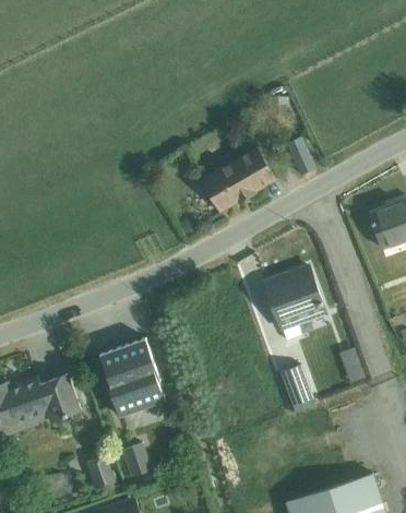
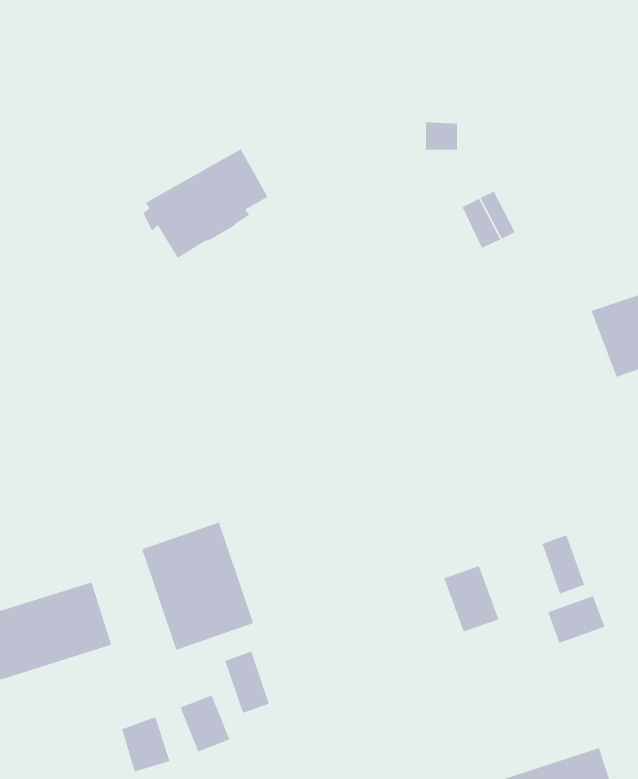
building: [199,145,274,212] -> [143,148,268,259]
building: [263,265,325,330] -> none
building: none -> [547,595,605,644]
building: none -> [224,651,270,714]

